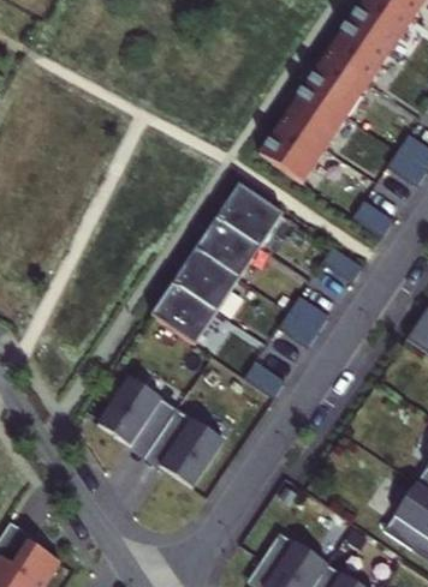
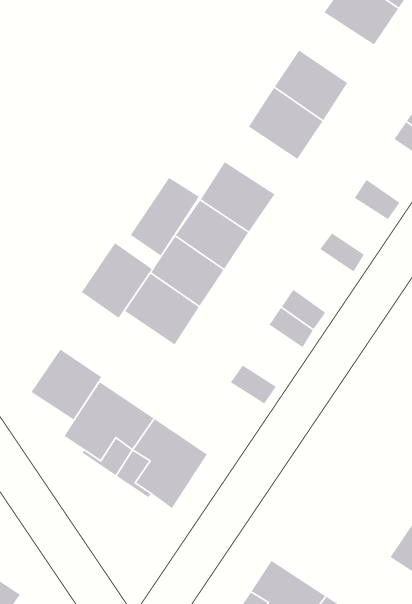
building: [303,54,369,115] -> none
building: none -> [130,177,200,257]
building: none -> [81,242,153,319]
building: none -> [31,348,102,420]

